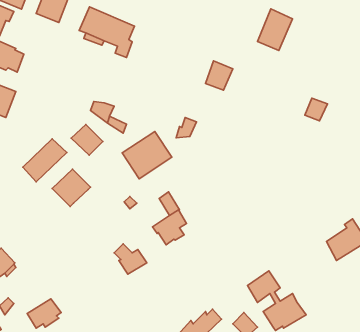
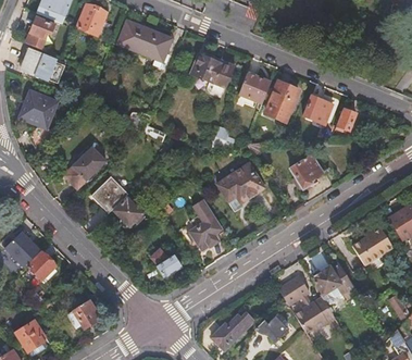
building: [257,9,292,50] -> [265,80,299,121]
building: none -> [190,53,234,86]
building: none -> [304,96,333,123]
building: [71,125,103,155] -> [112,196,142,225]
building: [122,131,172,179] -> [216,162,264,208]
building: none -> [290,154,322,188]
building: none -> [312,262,355,305]

